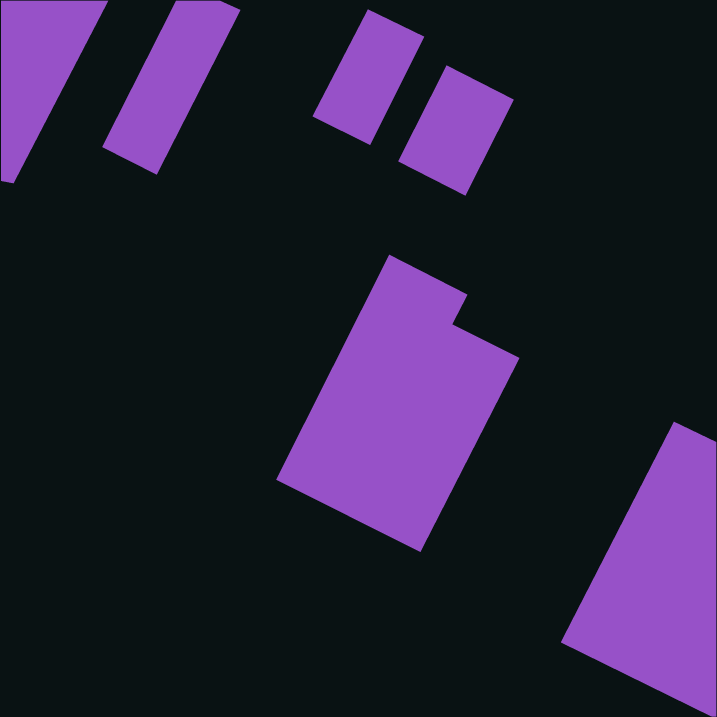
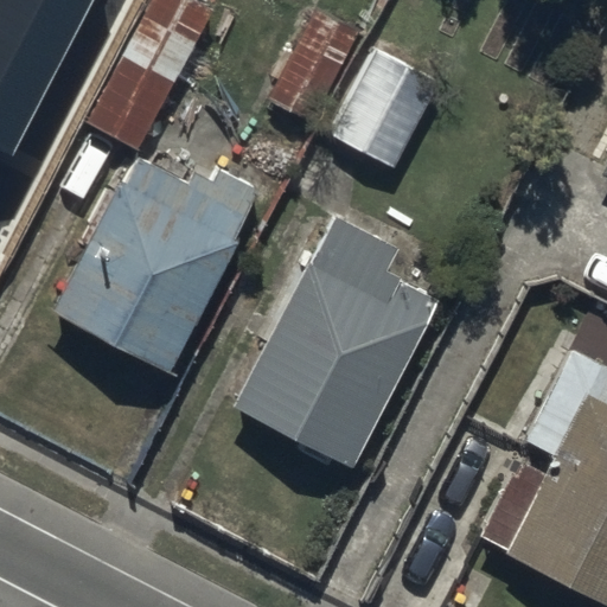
building: none -> [53,164,261,373]

